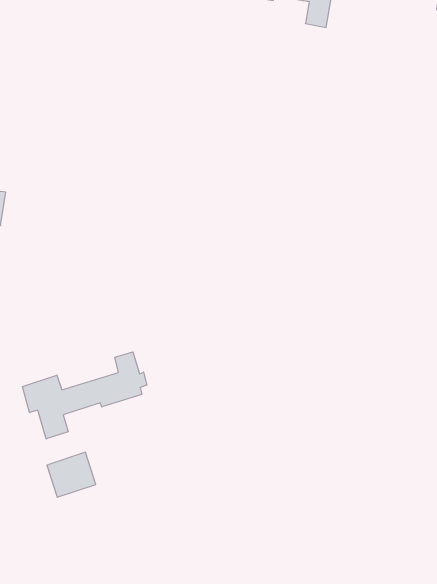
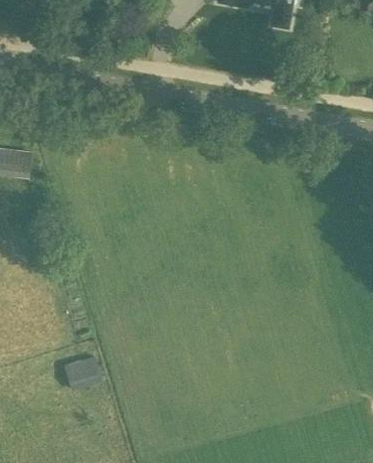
building: [23,352,147,439] -> none

